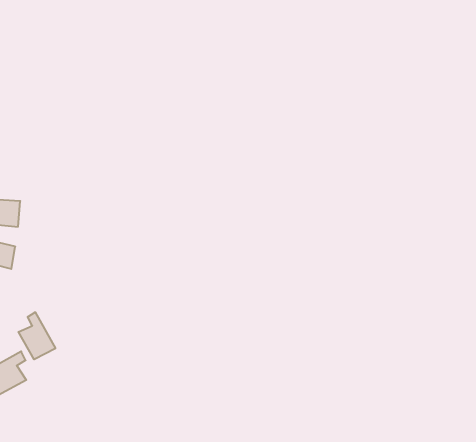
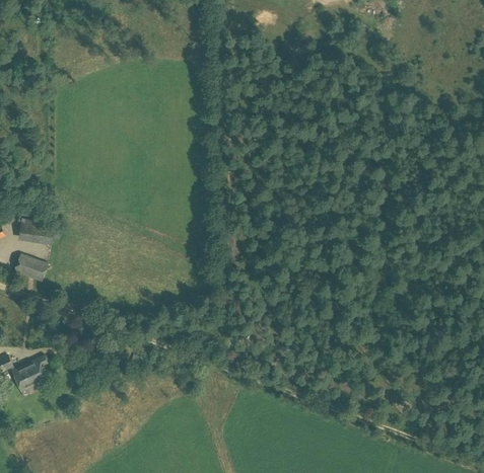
building: [18,312,55,359] -> none

